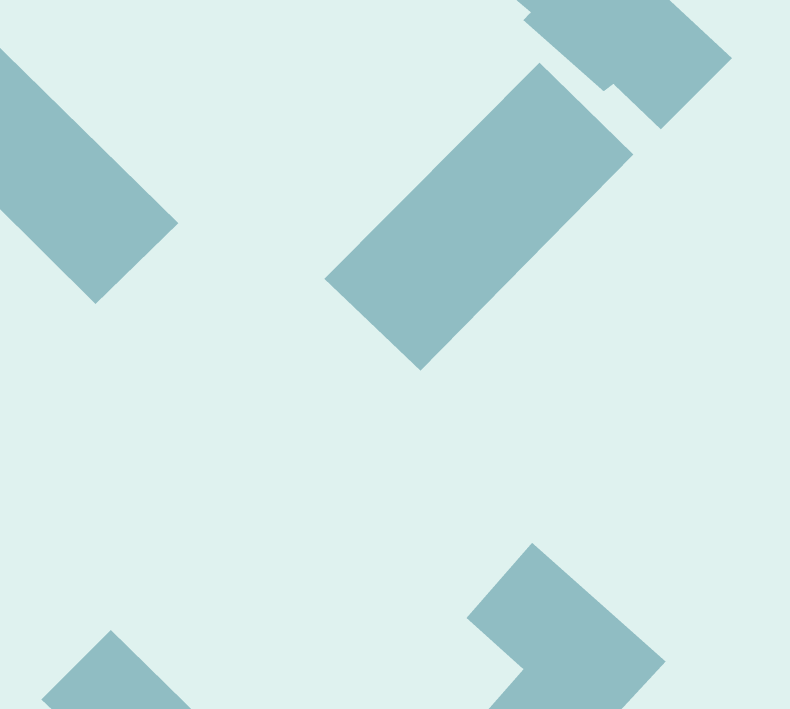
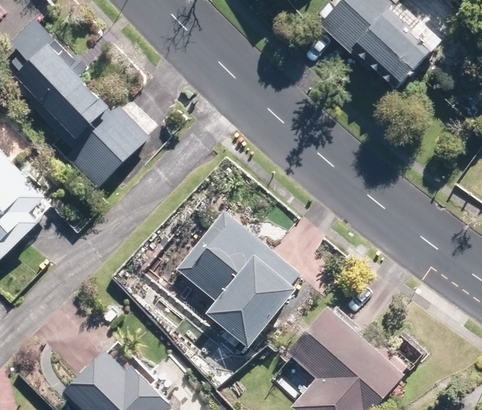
building: [324,62,634,372] -> none
building: none -> [178,211,301,341]

